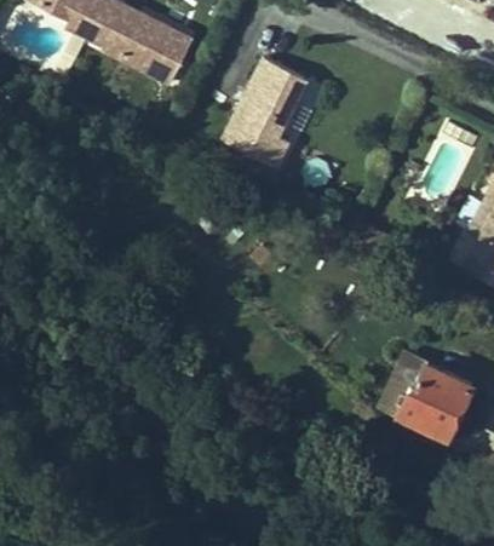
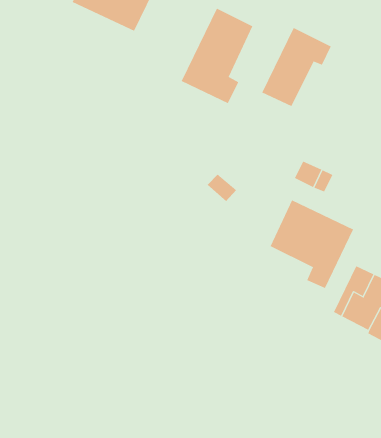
building: none -> [262,27,331,107]
building: none -> [270,200,354,289]

